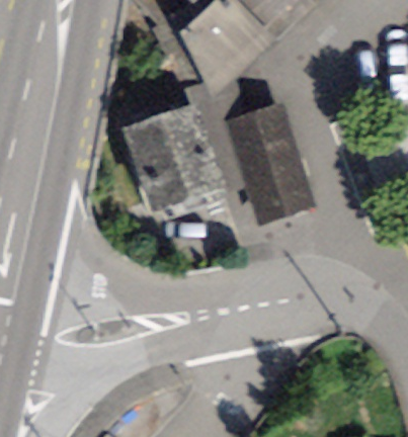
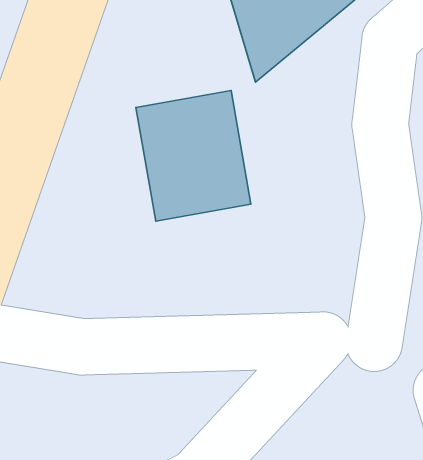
building: [227,99,314,222] -> none

